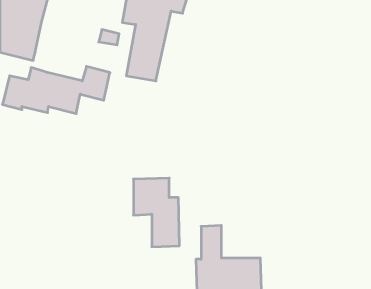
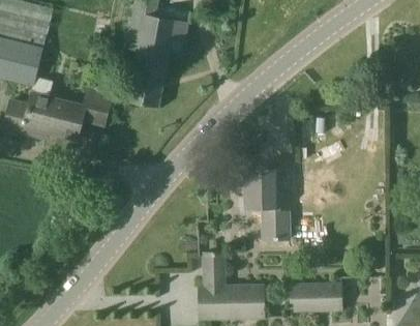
building: [133,178,179,247] -> [244,171,291,240]
building: none -> [289,284,342,312]

